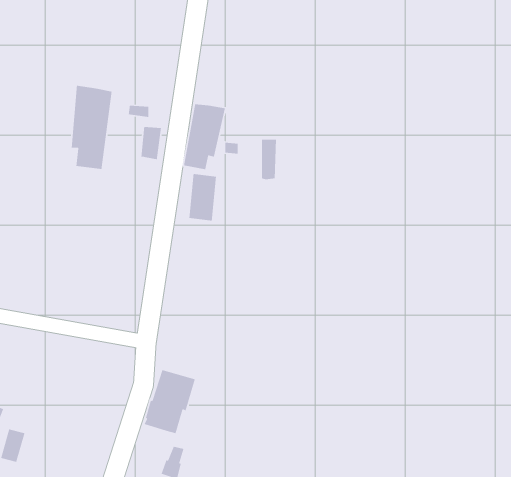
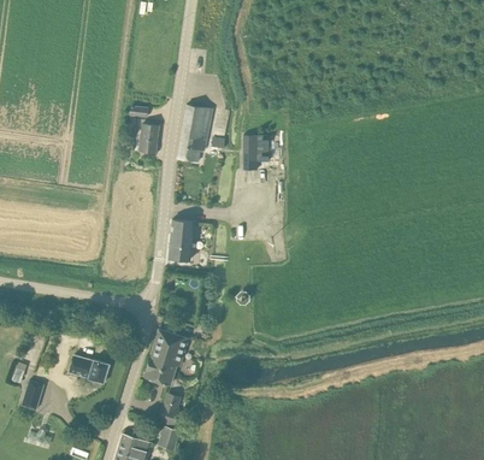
building: [71,85,112,170] -> none
building: [189,173,217,221] -> [170,220,194,261]
building: none -> [70,355,110,384]

